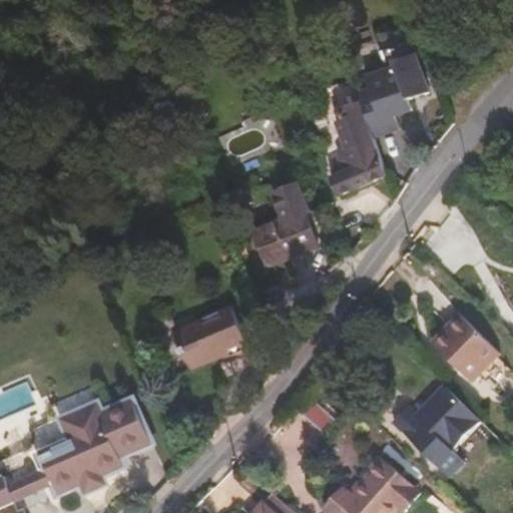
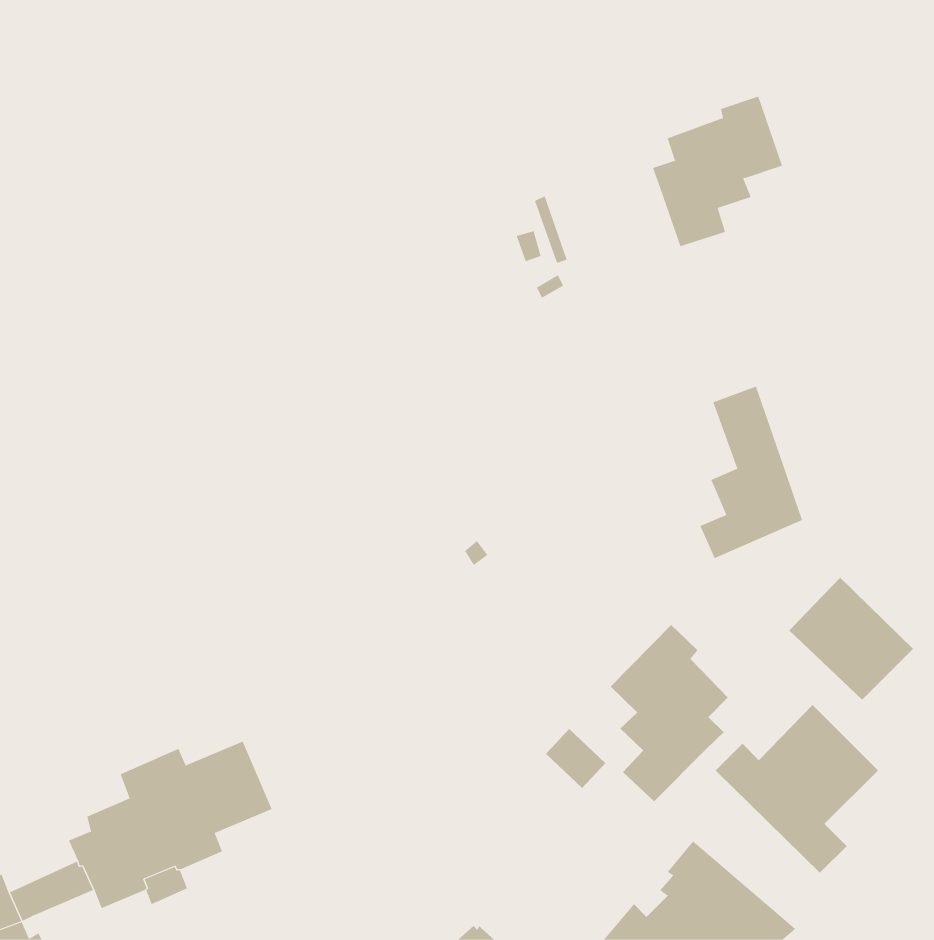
building: [328,102,384,196] -> [700,386,803,559]
building: [254,182,330,266] -> none
building: [171,307,246,368] -> none
building: none -> [610,624,728,802]

